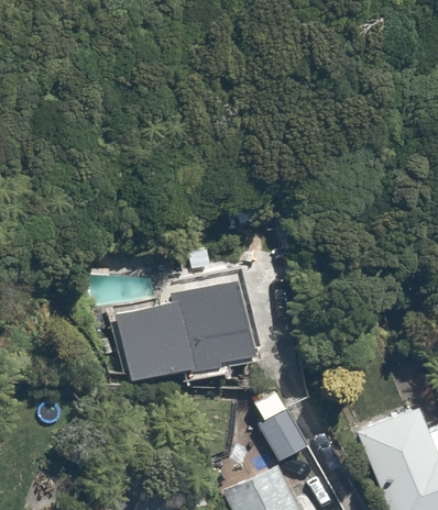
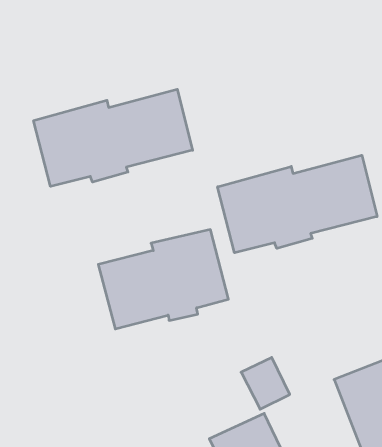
building: none -> [34,89,193,186]
building: none -> [218,155,377,253]

